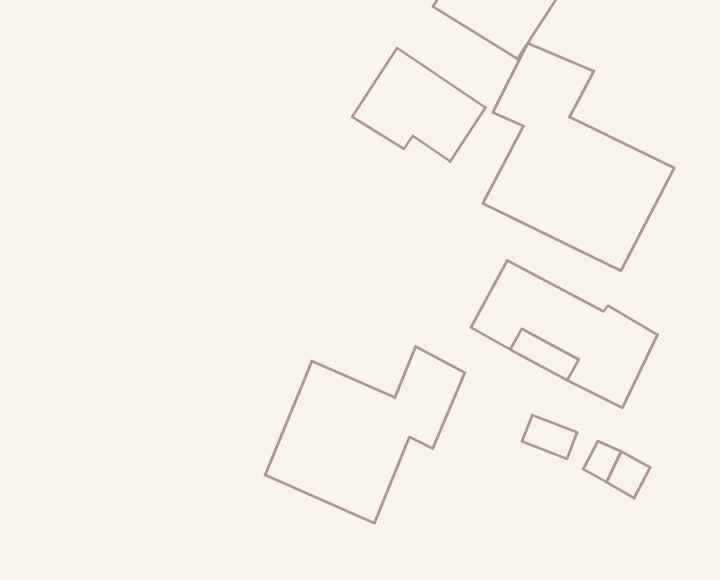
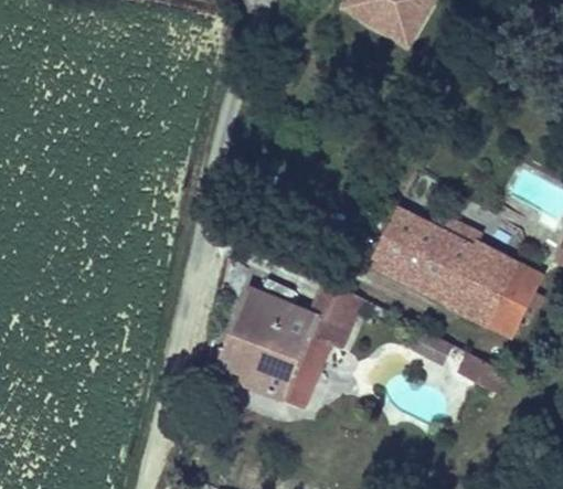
building: [483,43,674,271] -> none
building: [352,48,486,162] -> none
building: none -> [487,265,538,332]

